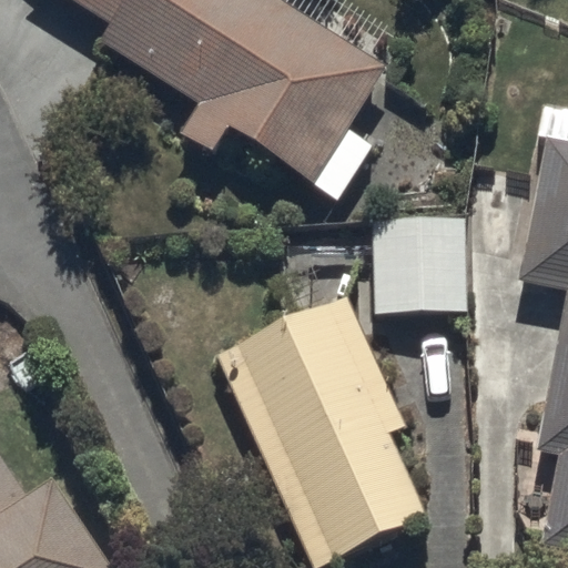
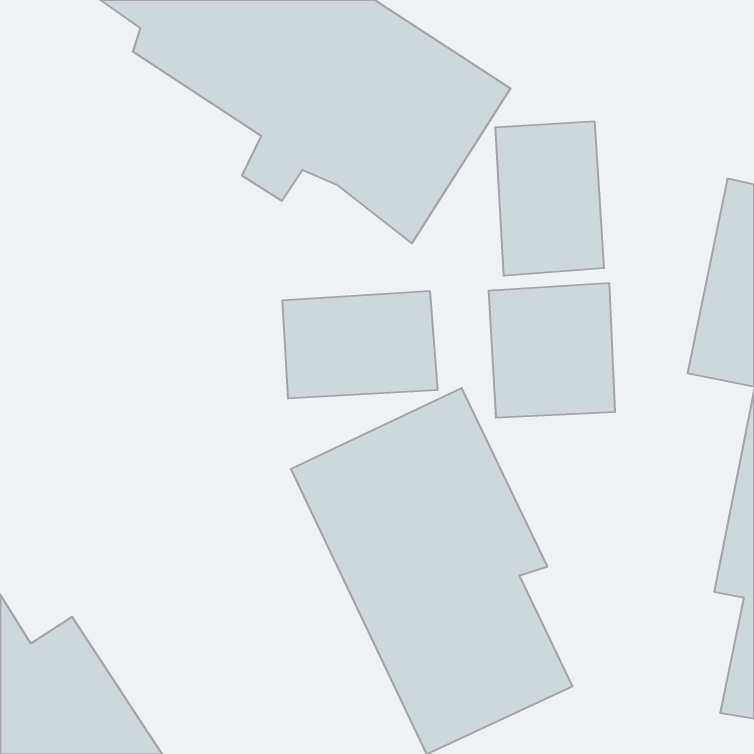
building: none -> [496,121,604,276]
building: none -> [282,291,437,399]

